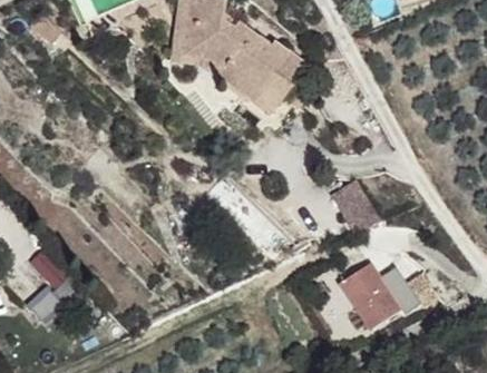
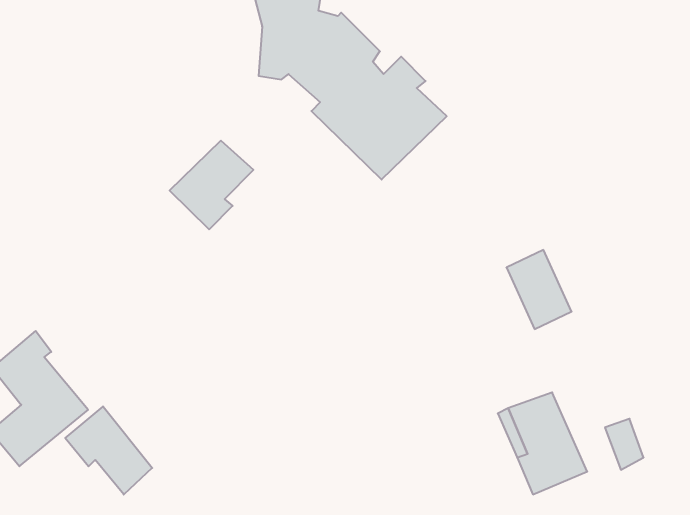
building: none -> [170,141,253,229]
building: none -> [65,406,152,495]

